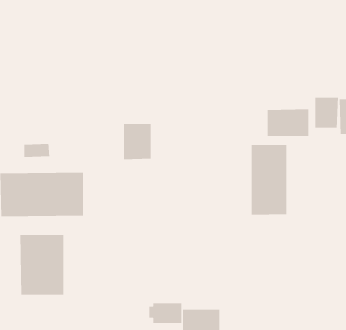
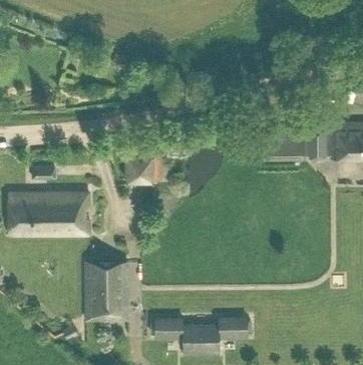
building: [251,144,287,215] -> none
building: [20,234,64,296] -> [85,262,127,320]
building: none -> [218,317,250,337]

